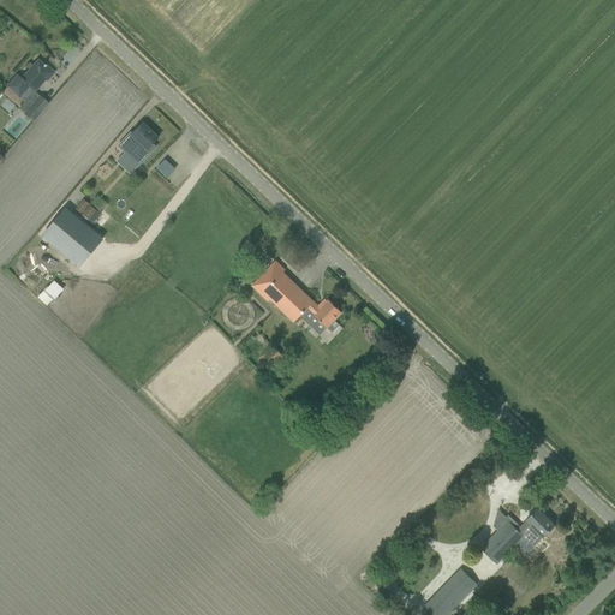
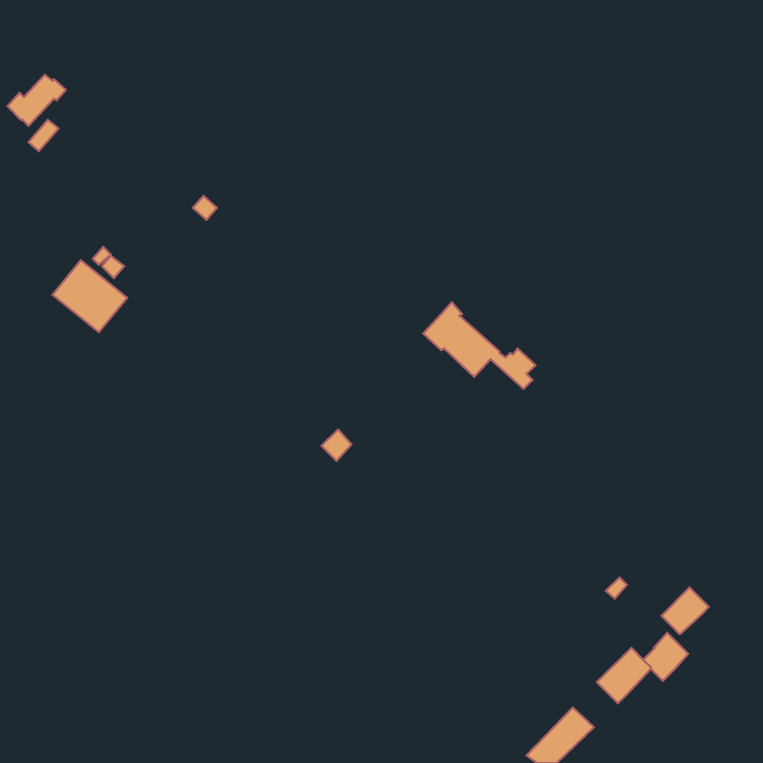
building: [117,123,157,165] -> none
building: [251,262,341,332] -> [423,302,535,389]
building: none -> [661,588,709,634]

